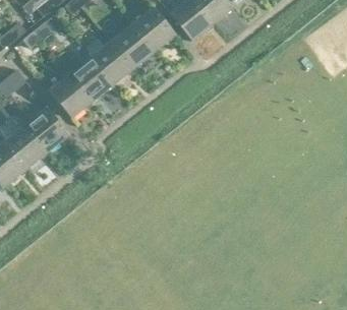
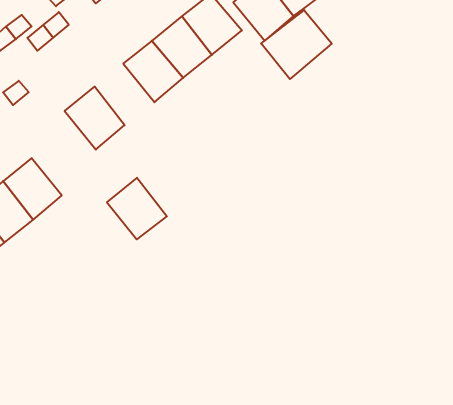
building: none -> [261,10,332,79]
building: [70,57,113,101] -> none
building: [25,107,68,150] -> [107,178,167,239]

